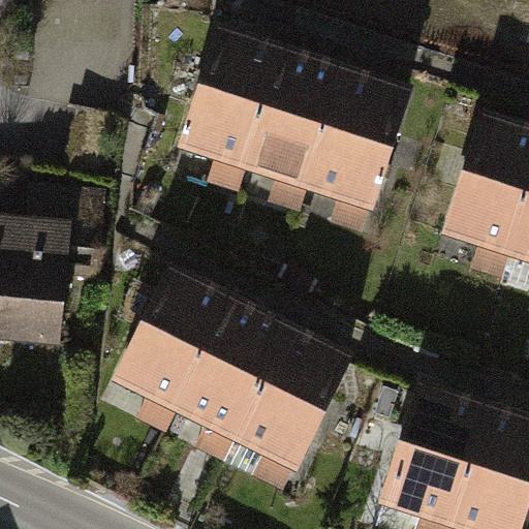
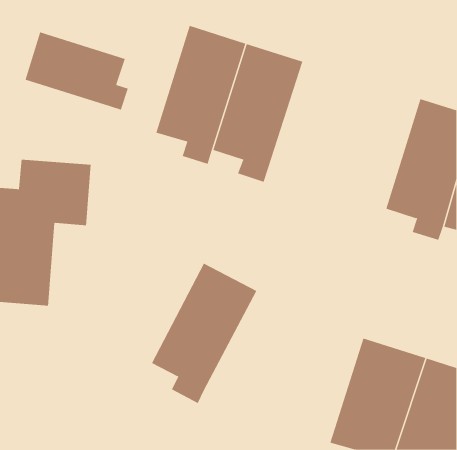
building: none -> [25,32,128,110]
building: [307,70,411,229] -> none
building: [112,269,232,431] -> none
building: [234,333,354,493] -> none

